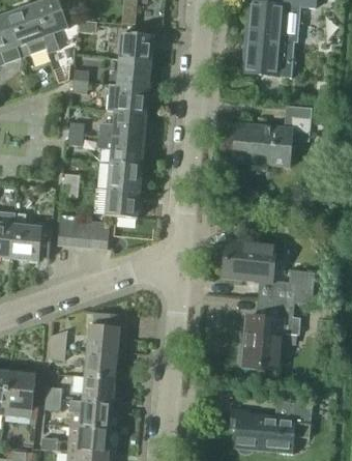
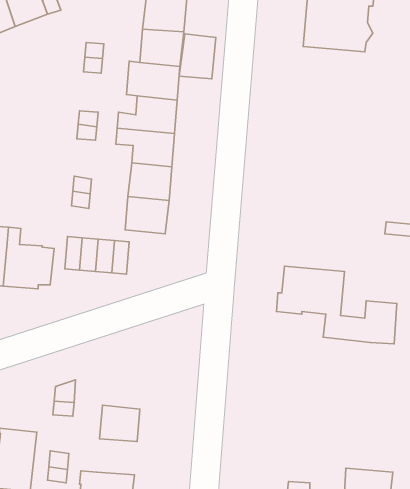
building: none -> [179,34,216,79]
building: [234,106,312,167] -> none
building: [240,297,299,368] -> none
building: [87,313,125,353] -> none
building: [83,376,114,404] -> none

